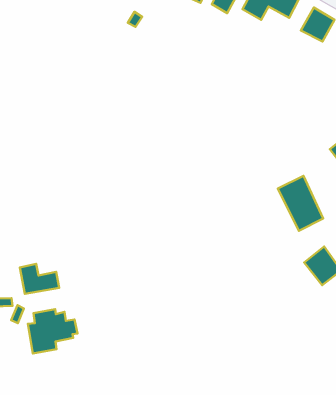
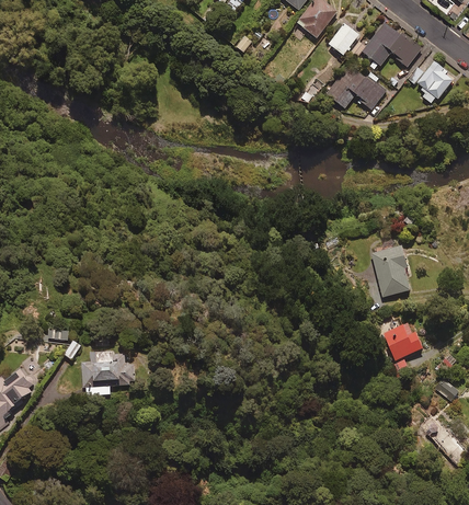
building: none -> [327,61,387,108]
building: [20,264,59,294] -> none

